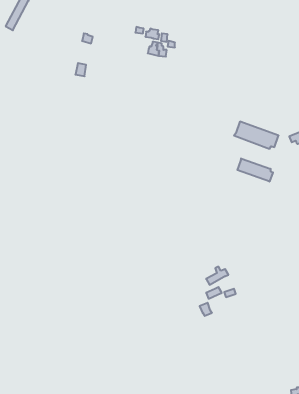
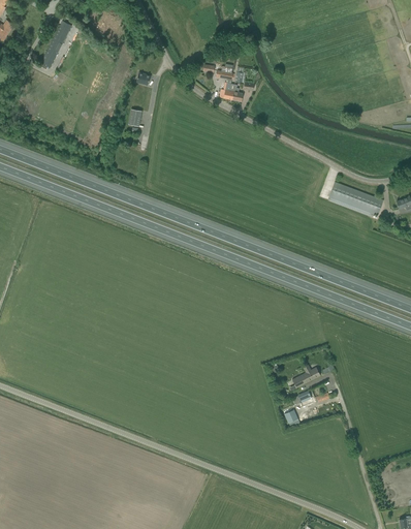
building: [237,158,273,182] -> none

